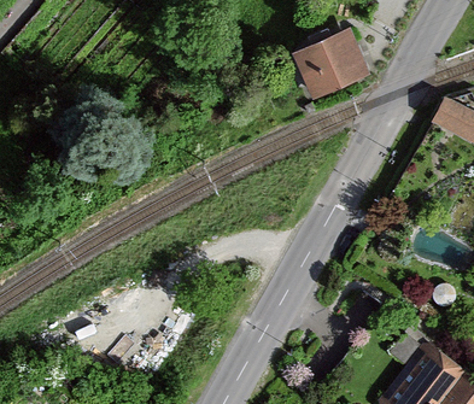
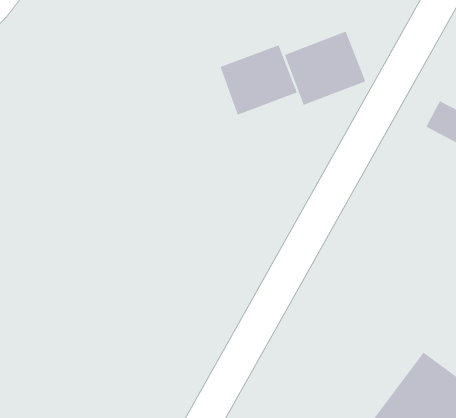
building: none -> [220,44,298,116]

